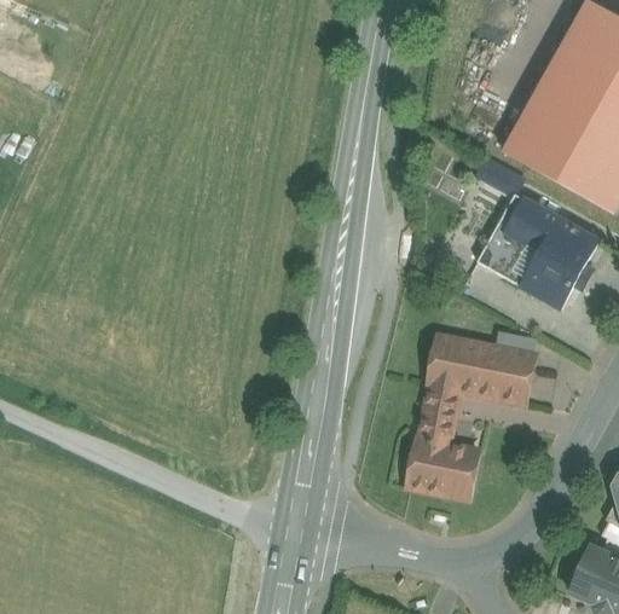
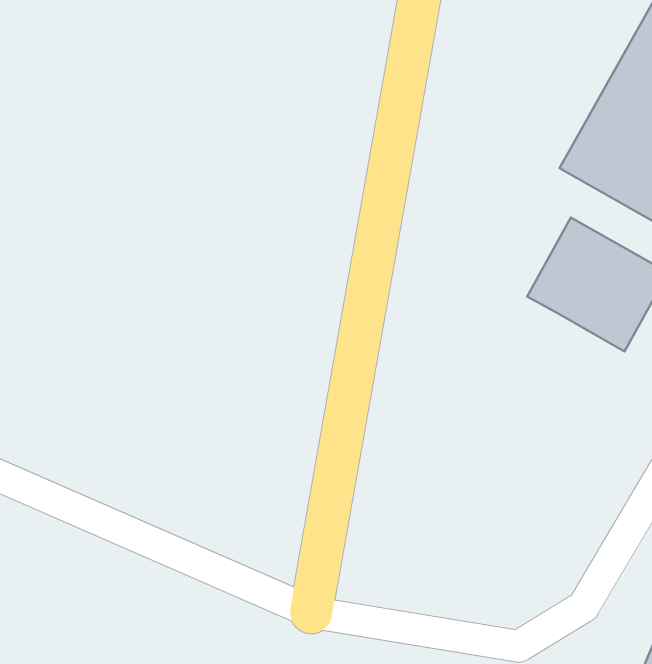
building: [410,335,537,497] -> none

